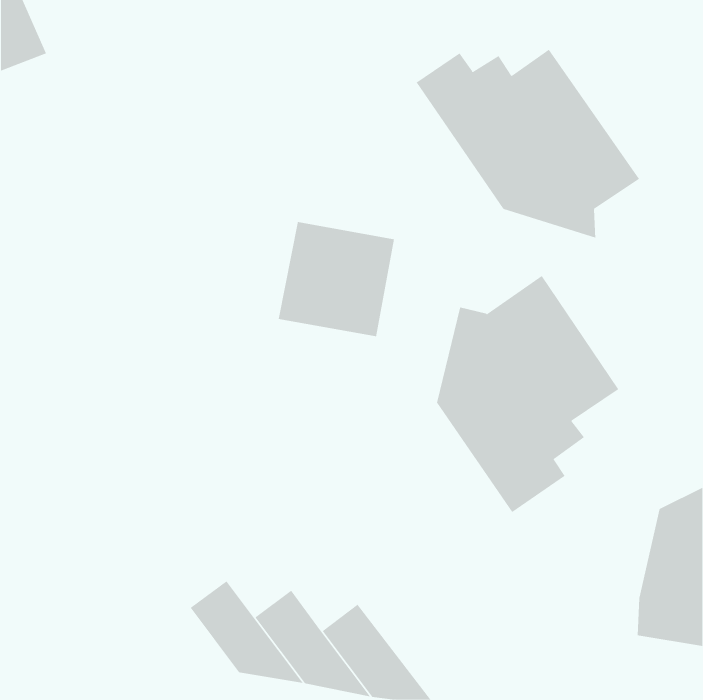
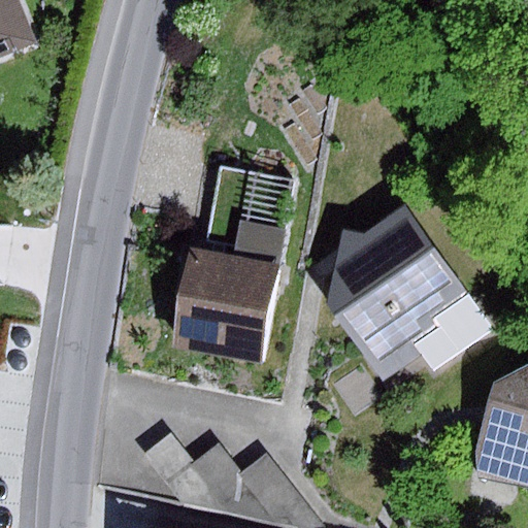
building: [416,49,640,238] -> none
building: none -> [174,246,278,363]

